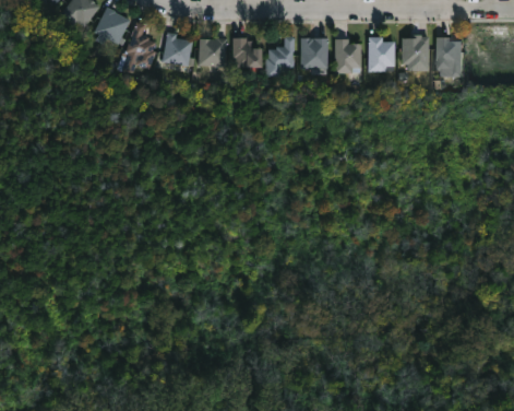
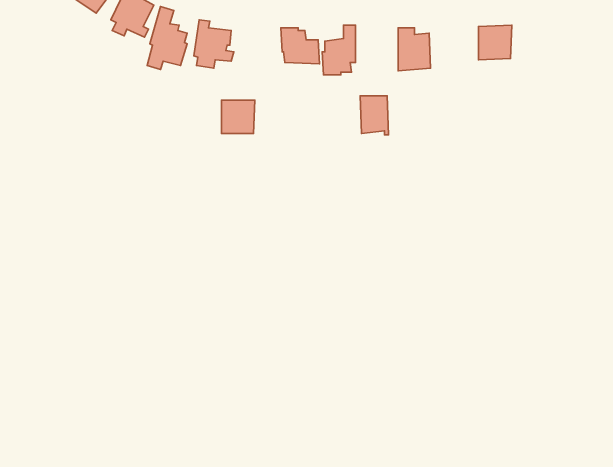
building: [302,37,325,69] -> [360,96,388,135]
building: [363,37,391,71] -> none
building: [432,37,458,78] -> none
building: [202,38,229,66] -> [221,100,255,133]

